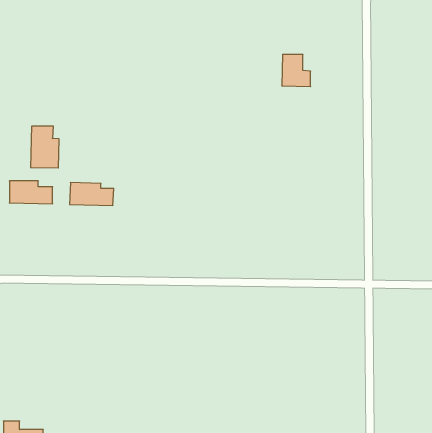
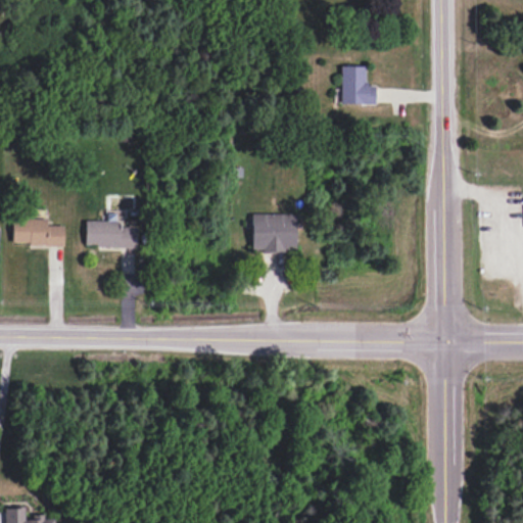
building: [31,126,59,168] -> none
building: none -> [252,213,297,252]

